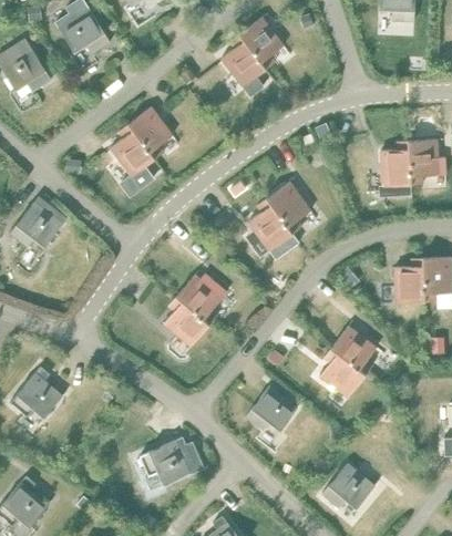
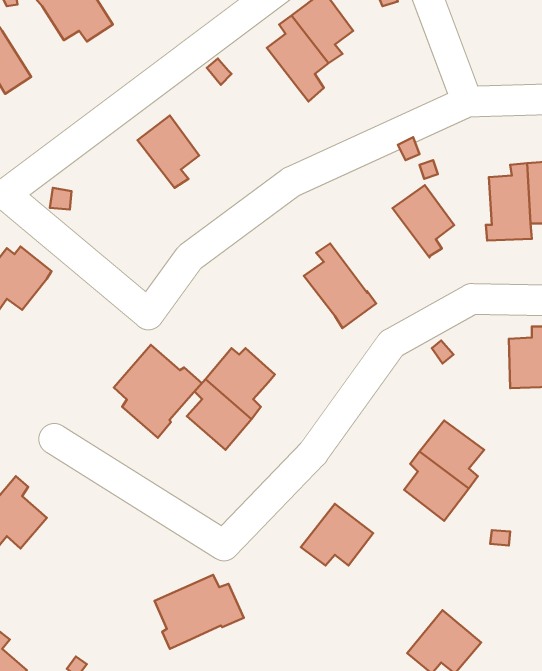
building: [111,124,155,196] -> none
building: [267,182,311,234] -> [393,185,454,258]
building: none -> [114,345,202,438]

